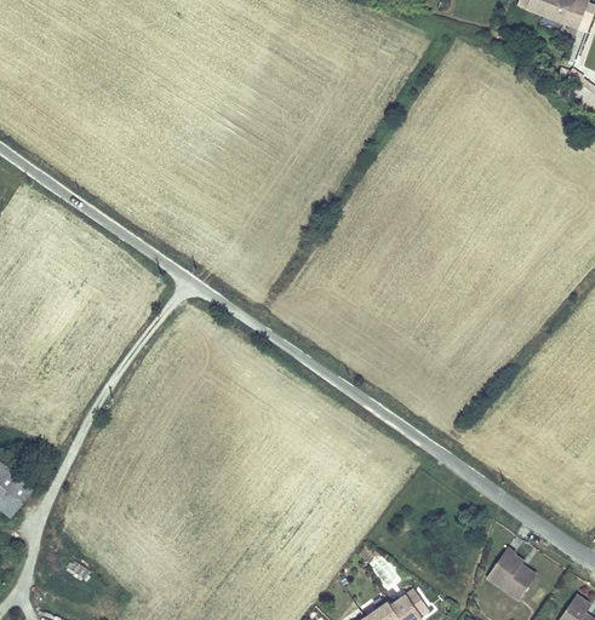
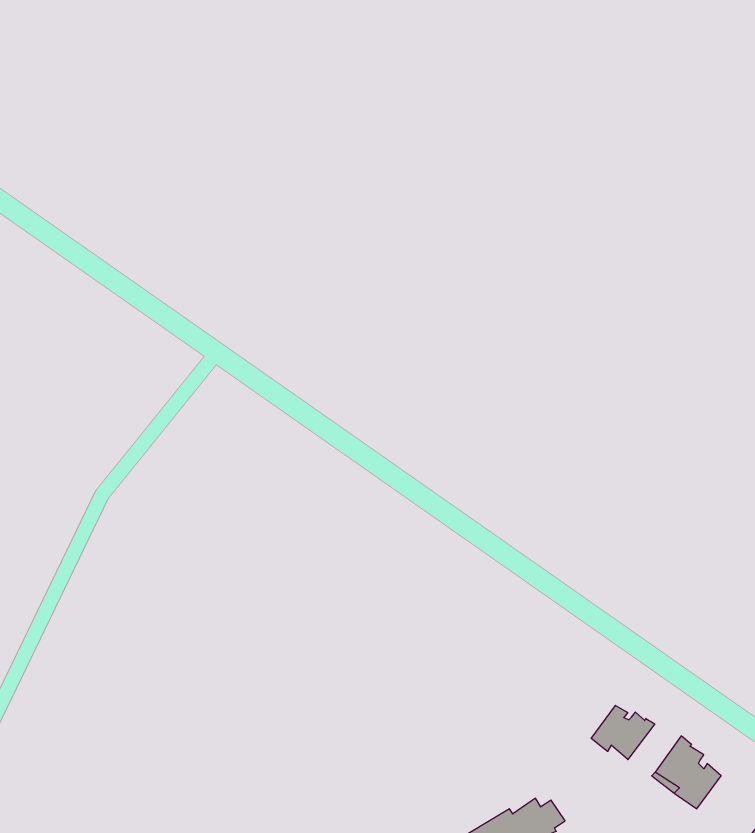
building: none -> [591,705,655,760]

